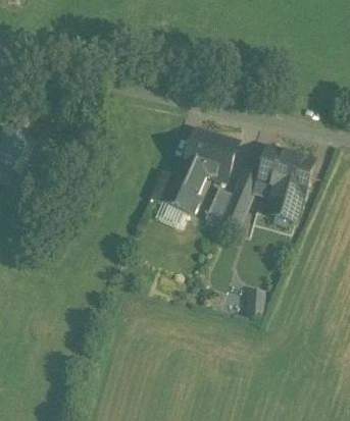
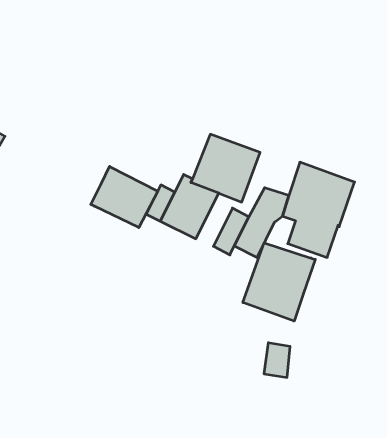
building: none -> [91,166,158,228]
building: none -> [243,243,315,321]

